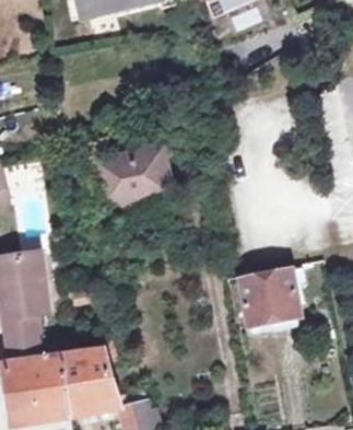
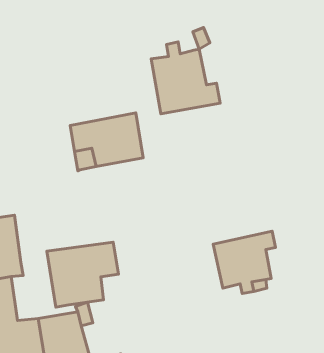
building: none -> [151,42,220,114]
building: none -> [47,242,118,307]

